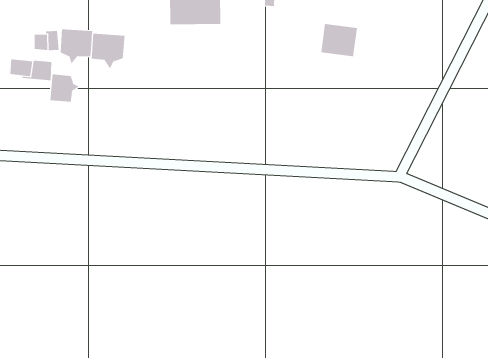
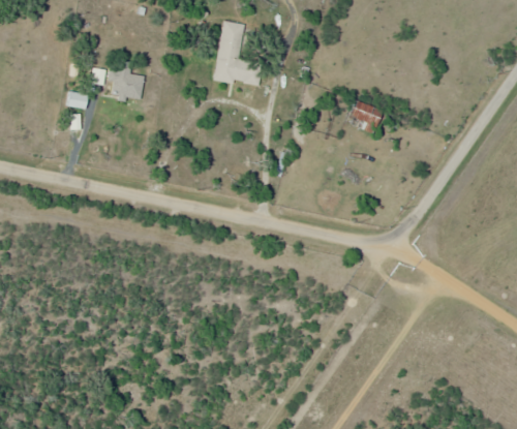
building: [91,33,125,70] -> none
building: [50,74,80,102] -> none

